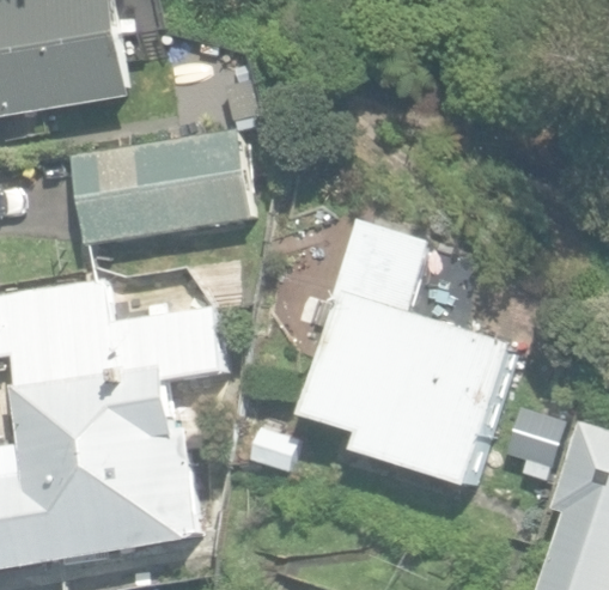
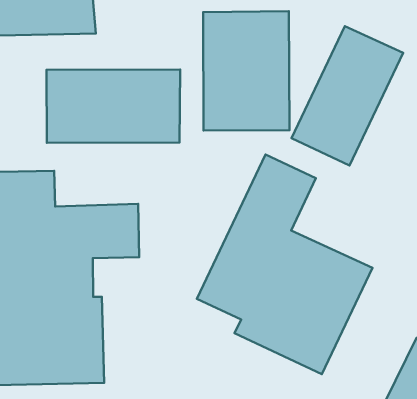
building: none -> [203,11,289,131]
building: none -> [292,26,403,166]

